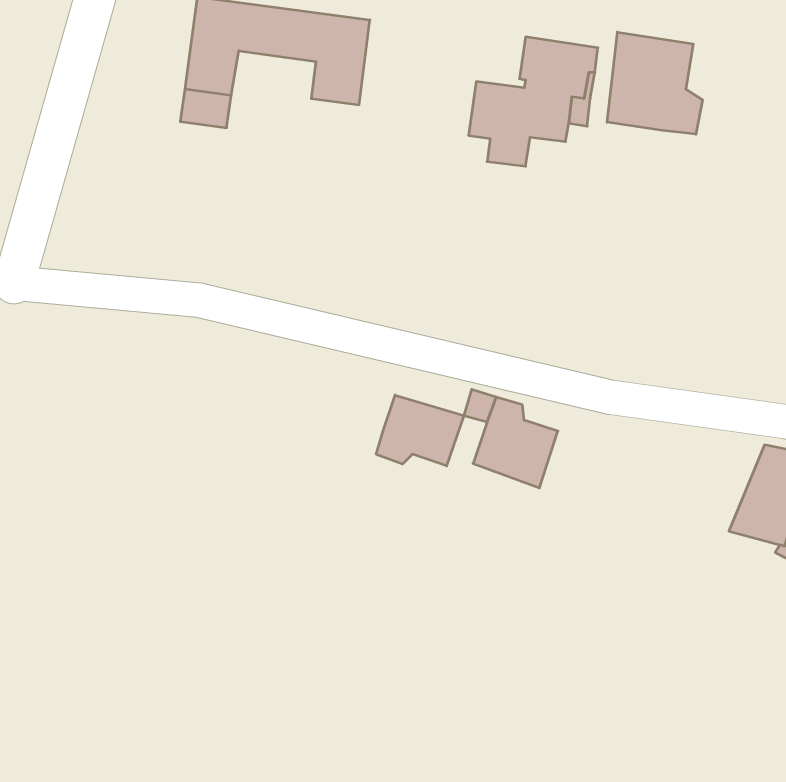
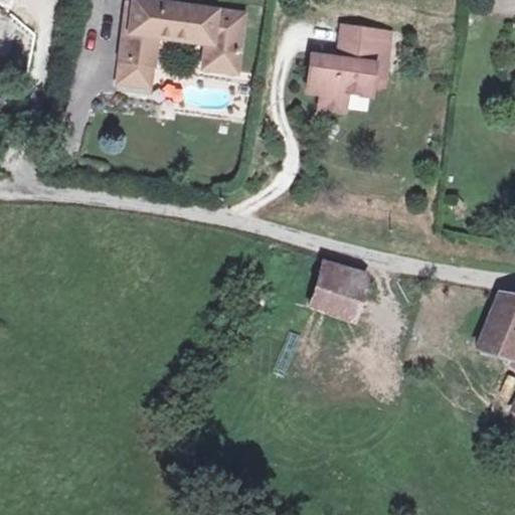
building: [607,32,702,134] -> none
building: [376,395,464,466] -> none

